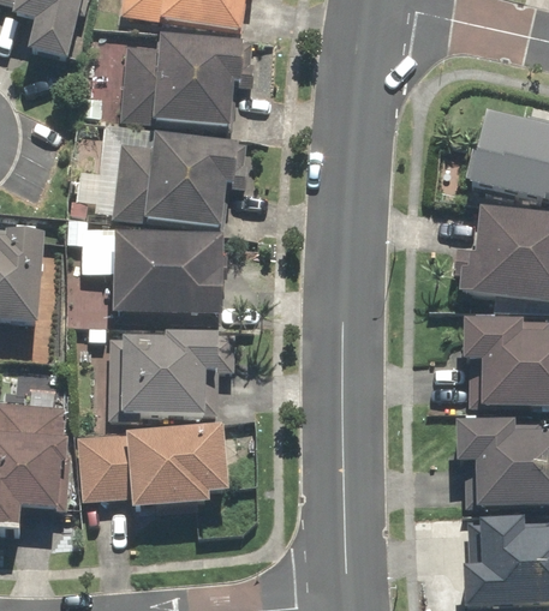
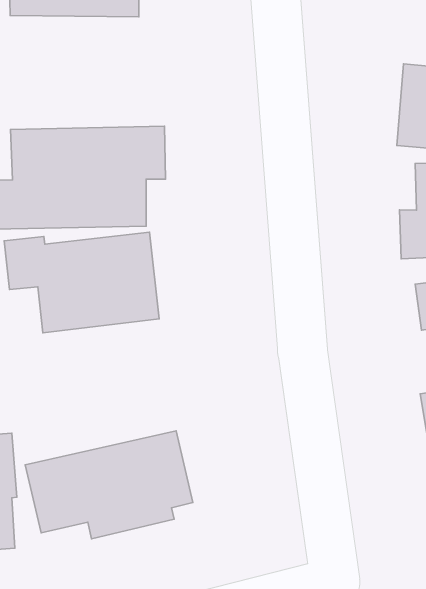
building: [121,32,244,128] -> none
building: [112,329,238,418] -> none

